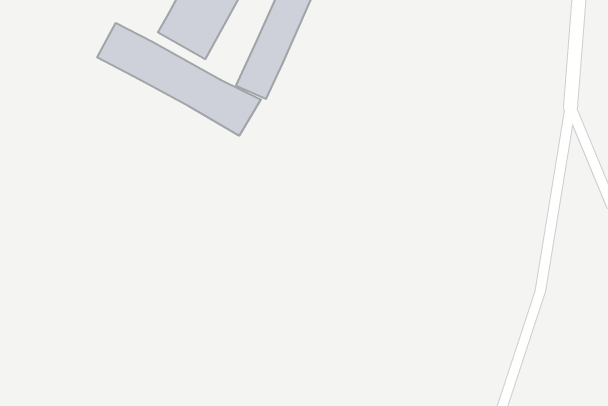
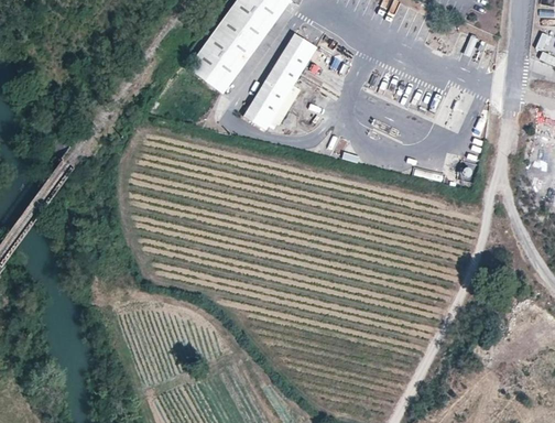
building: [97,23,261,136] -> none

